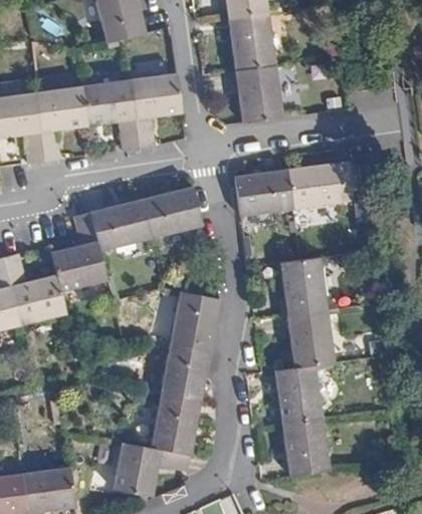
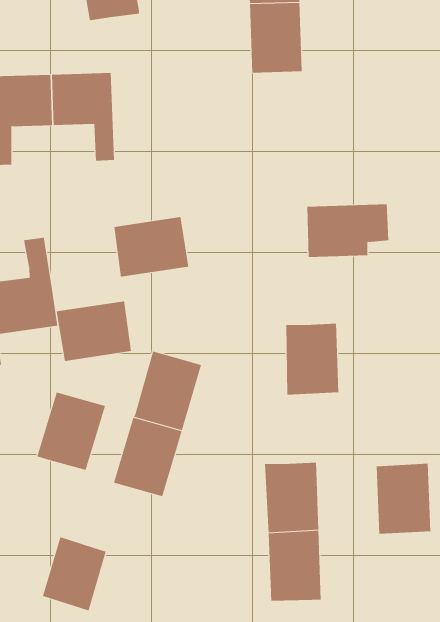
building: [235,65,281,122] -> none
building: [128,73,181,148] -> none
building: [234,169,292,215] -> none
building: [88,199,150,250] -> [56,301,132,362]
building: [286,309,334,367] -> [376,463,431,534]
building: [150,396,199,454] -> [37,392,106,471]

